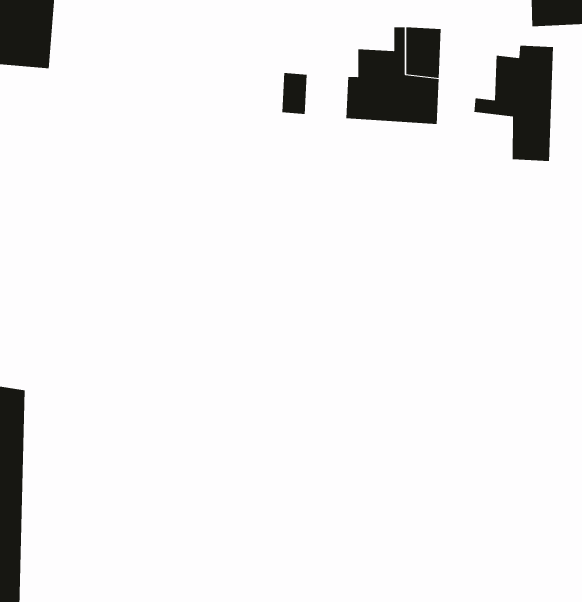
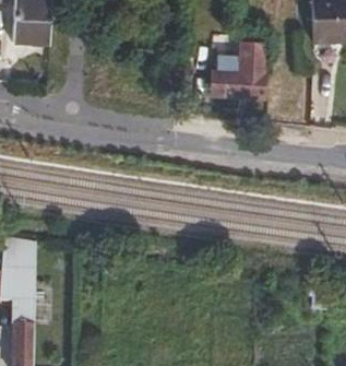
building: [474,45,554,162] -> none

